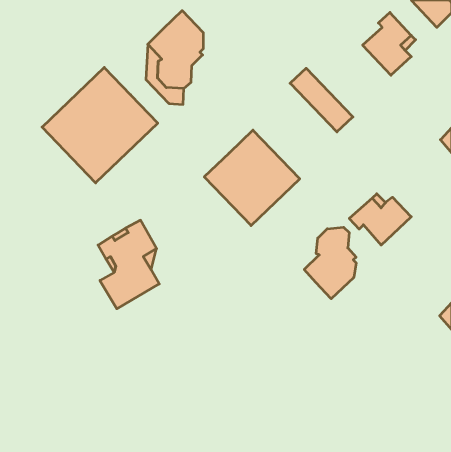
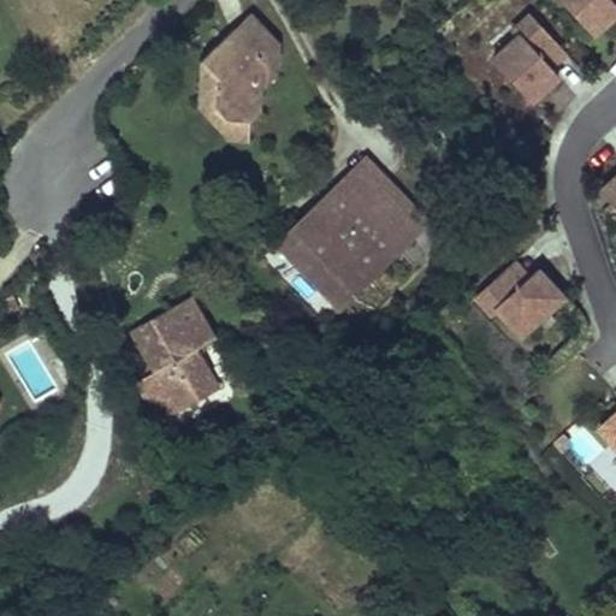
building: [42,67,158,183] -> none
building: [290,68,353,132] -> [345,156,431,243]
building: [304,227,356,299] -> none

